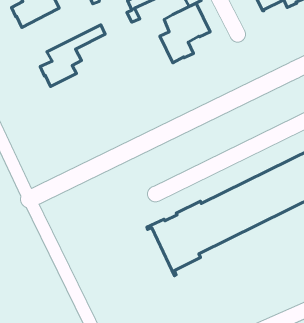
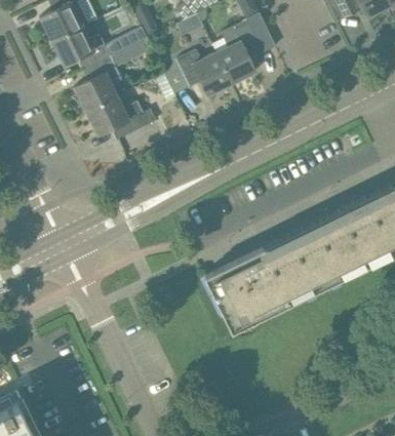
building: none -> [53,27,147,71]
building: none -> [176,50,232,96]
building: none -> [87,96,157,141]

